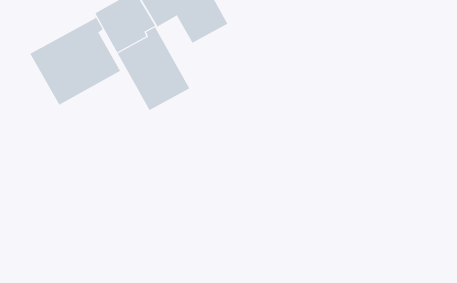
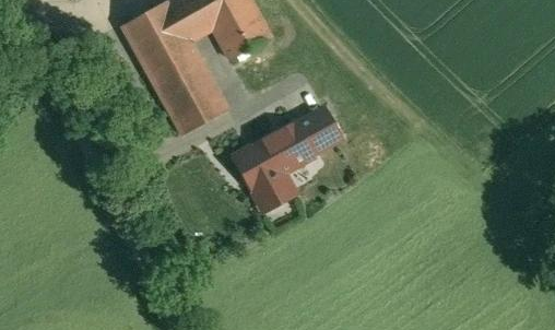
building: [30,16,121,105] -> none
building: none -> [229,102,345,214]

